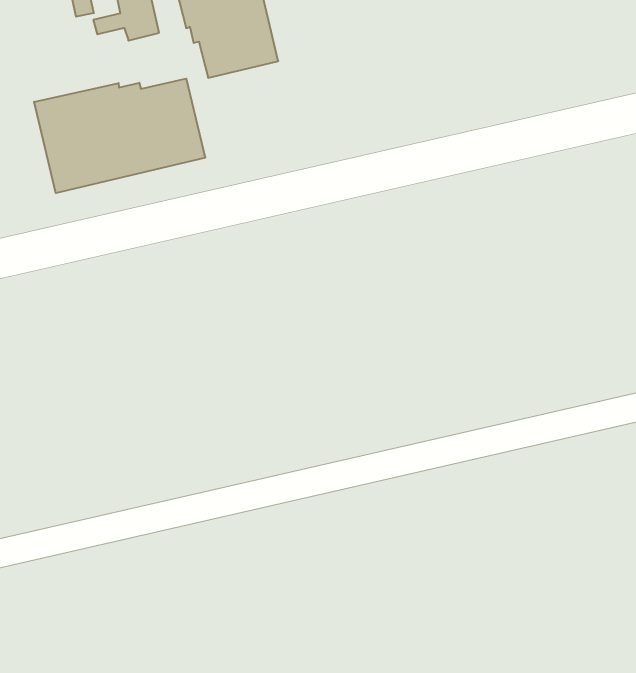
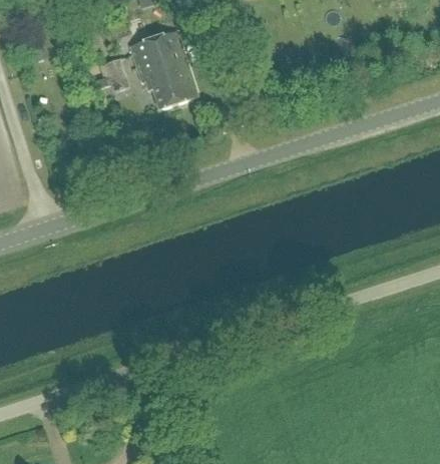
building: [34,79,205,193] -> none

